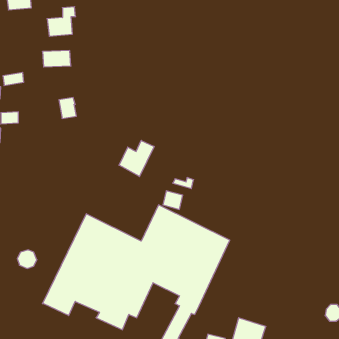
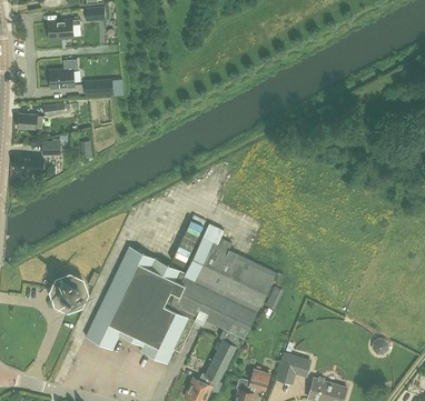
building: [47,7,76,36] -> [49,58,78,88]
building: [119,140,154,177] -> none

